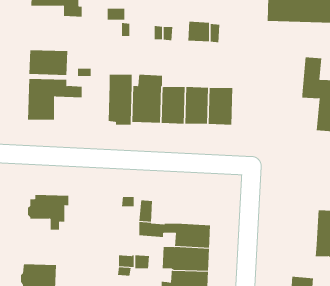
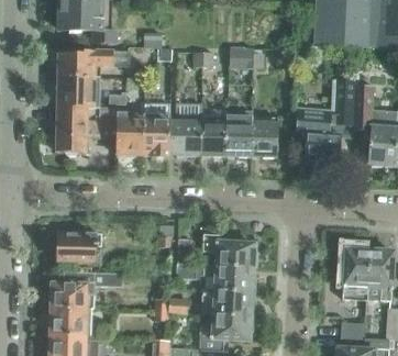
building: none -> [58,47,130,77]
building: none -> [296,78,355,162]
building: none -> [114,111,144,153]
building: none -> [206,240,255,265]
building: none -> [342,246,369,299]
building: none -> [49,269,119,308]

